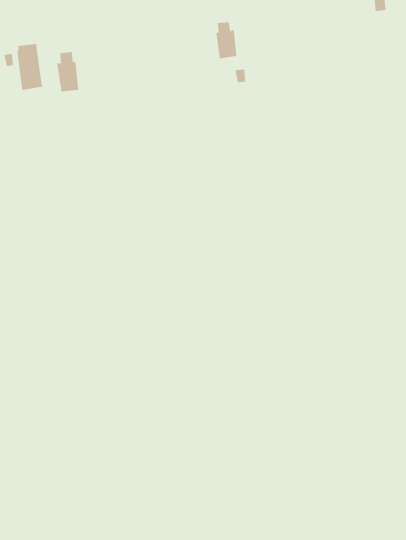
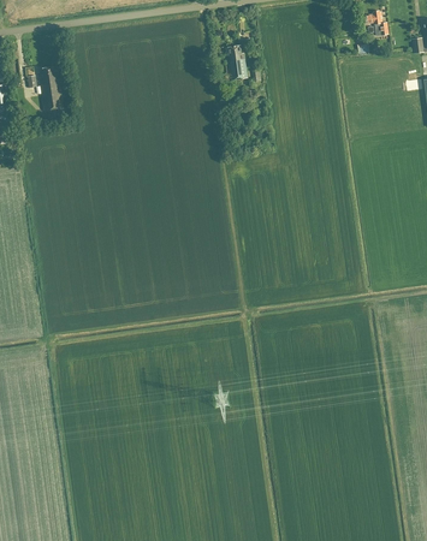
building: [57,51,79,92] -> none

